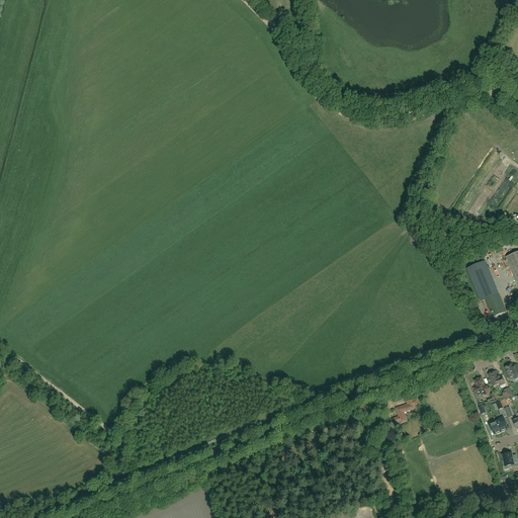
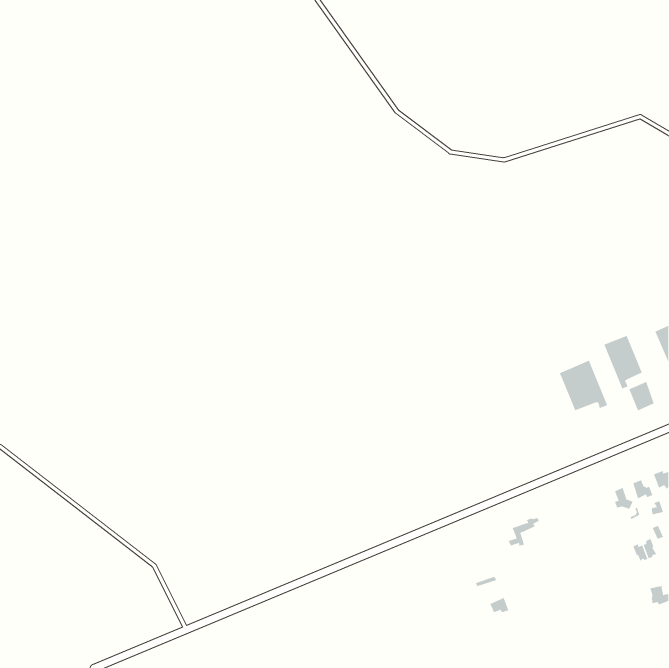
building: none -> [559,360,608,412]

